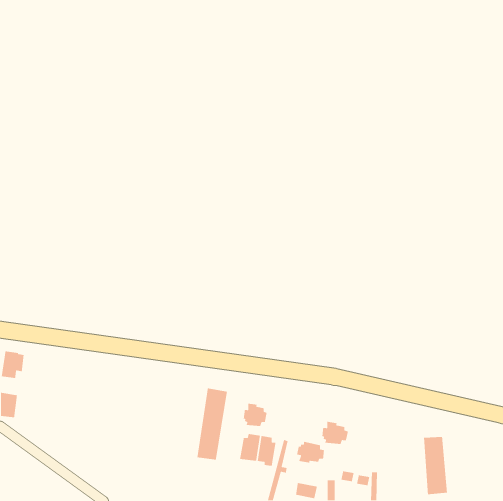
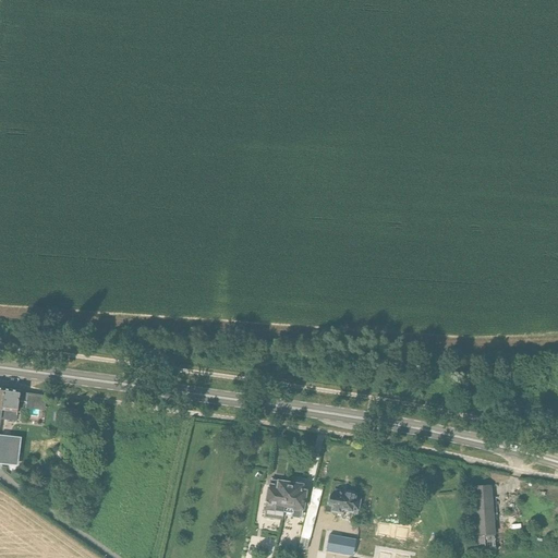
building: [197,388,228,460] -> none
building: [243,403,268,427] -> none
building: [321,421,349,445] -> none

